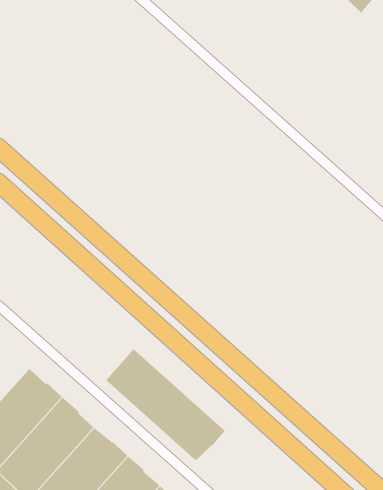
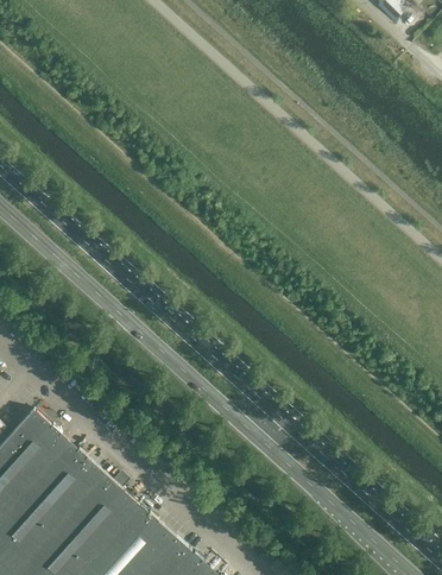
building: [105,349,226,461] -> none

